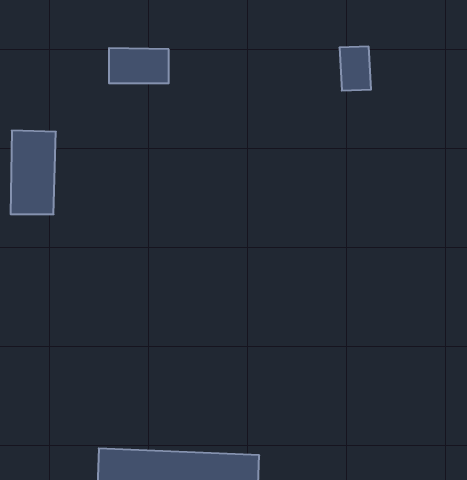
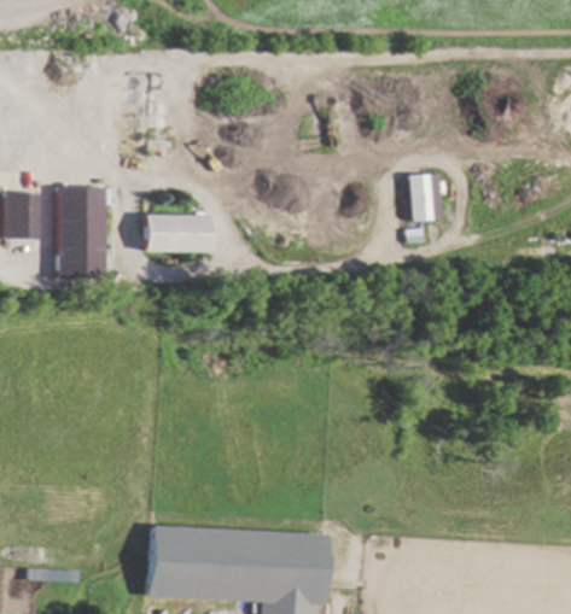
building: [339,47,371,91] -> [408,174,442,221]
building: [109,48,169,83] -> [145,215,209,252]

